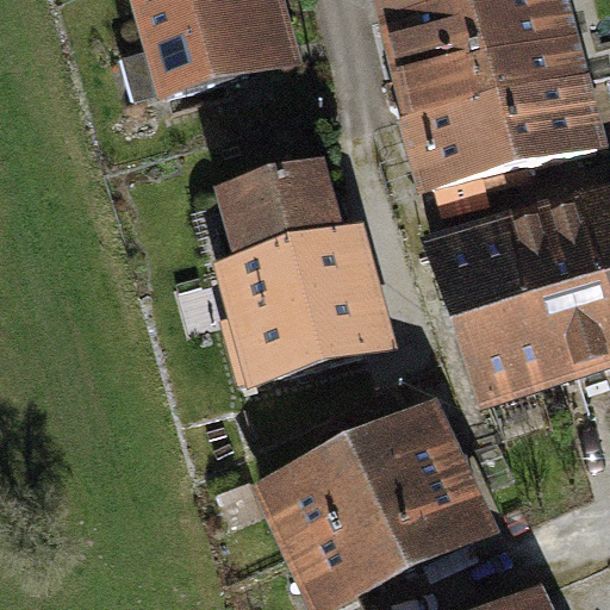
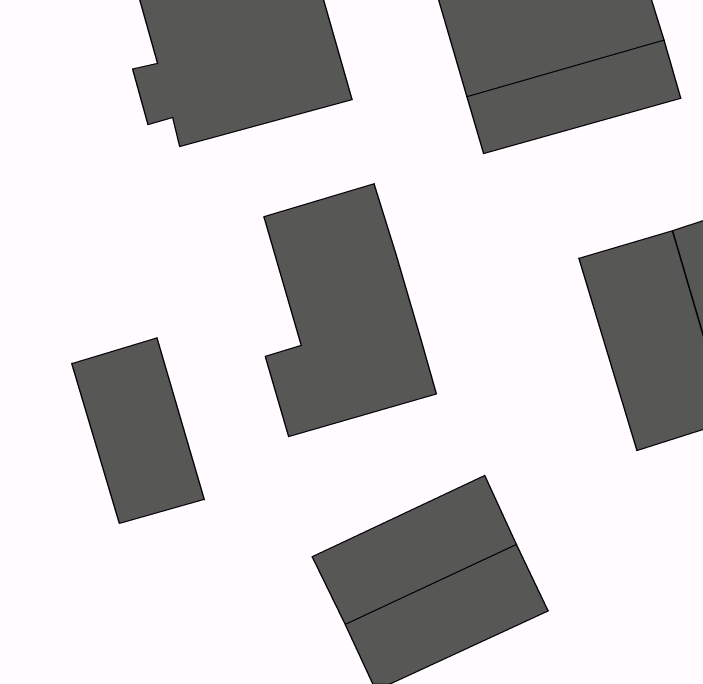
building: [419,85,604,186] -> none
building: [427,223,552,410] -> none
building: none -> [72,338,204,523]

